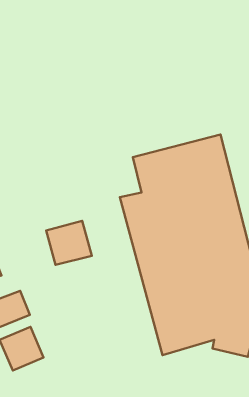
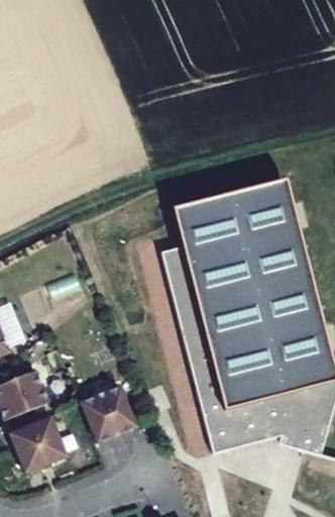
building: [46,221,92,265] -> none
building: none -> [82,387,135,440]

